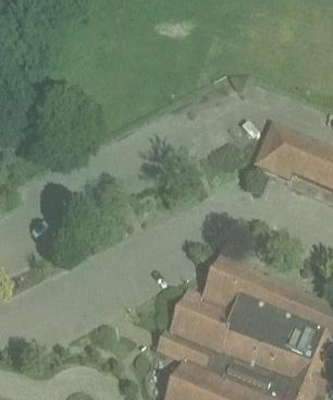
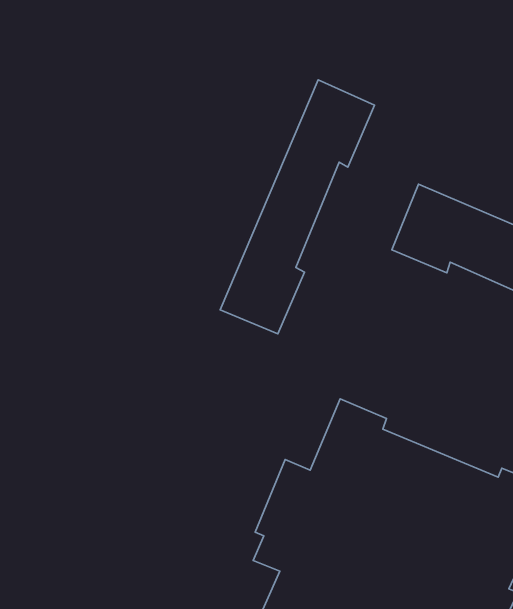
building: none -> [220,80,374,334]

